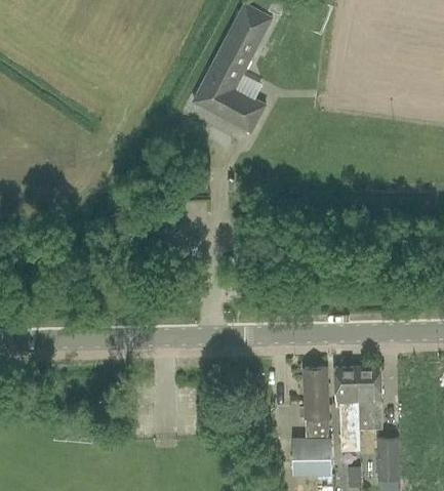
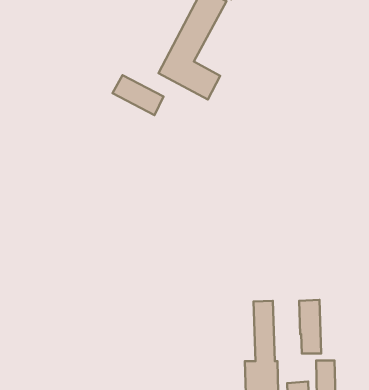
building: none -> [112,75,163,115]
building: [334,368,360,452] -> none

